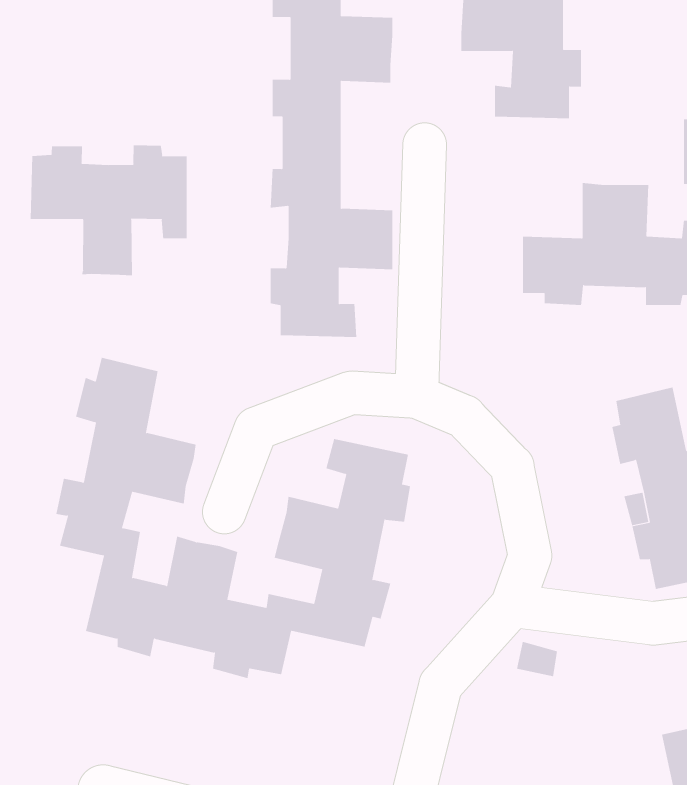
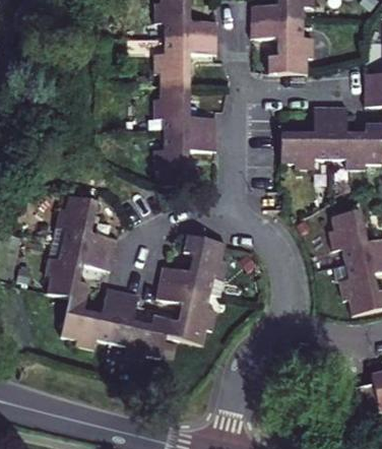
building: [30,144,187,276] -> none

